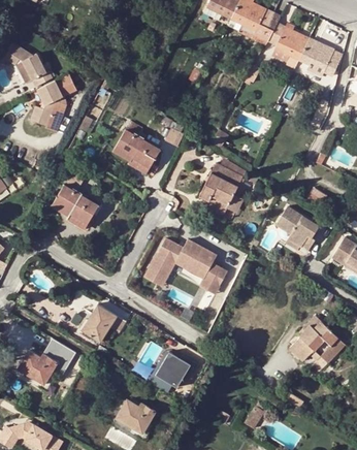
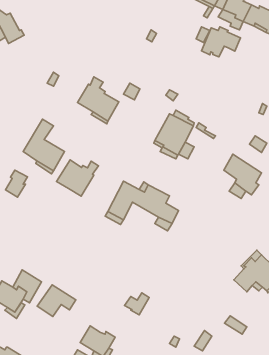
building: none -> [201,27,241,57]
building: [31,72,74,129] -> none
building: none -> [56,160,99,196]
building: none -> [5,170,28,197]
building: [82,304,125,340] -> [37,285,76,316]

